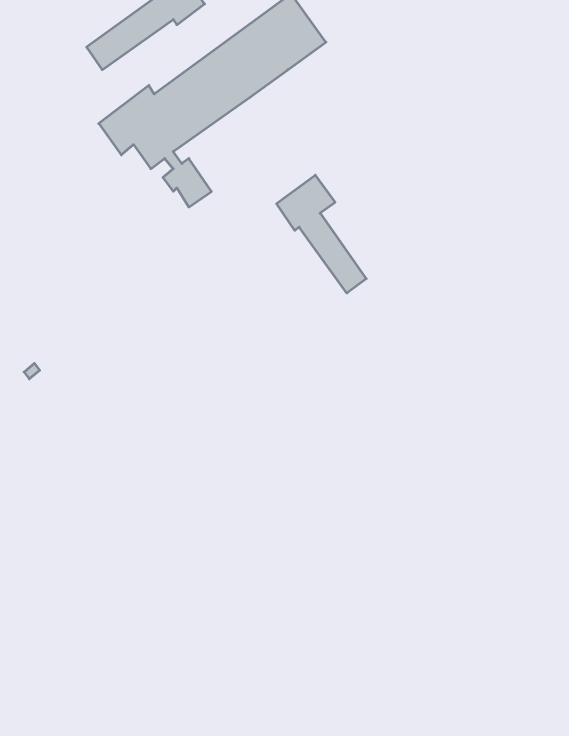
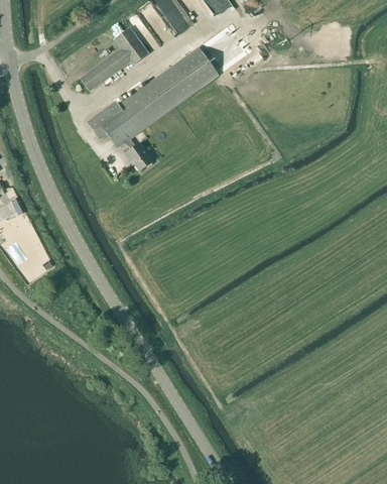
building: [277,175,366,293] -> none

